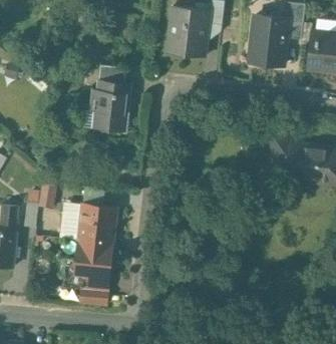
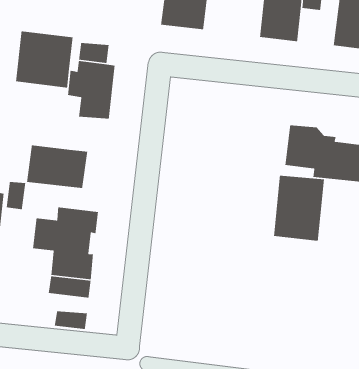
building: none -> [15,30,73,88]
building: none -> [26,145,88,189]
building: none -> [273,175,325,242]

